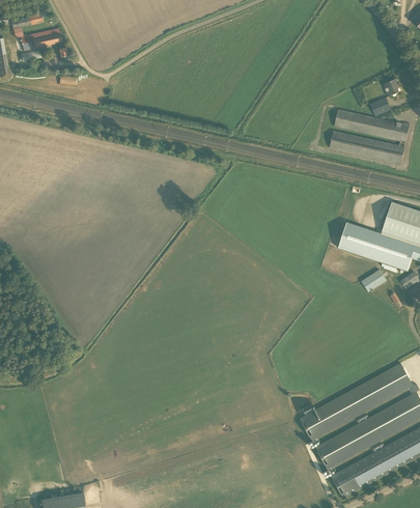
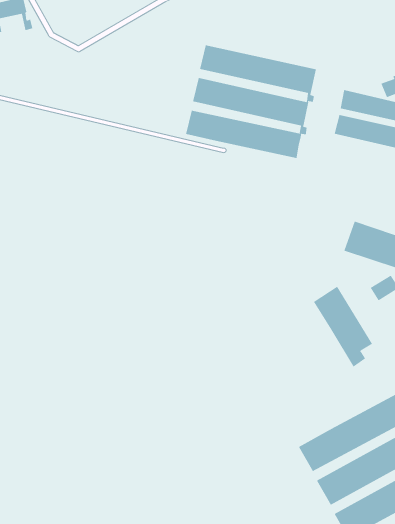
building: none -> [186,45,317,159]
building: none -> [313,286,373,367]

